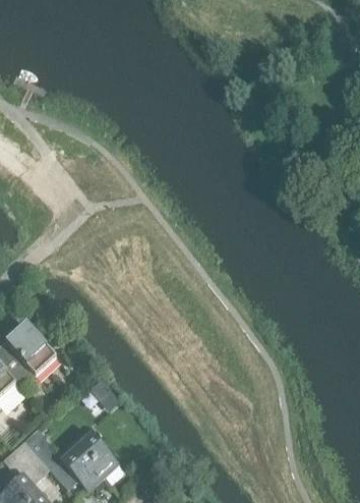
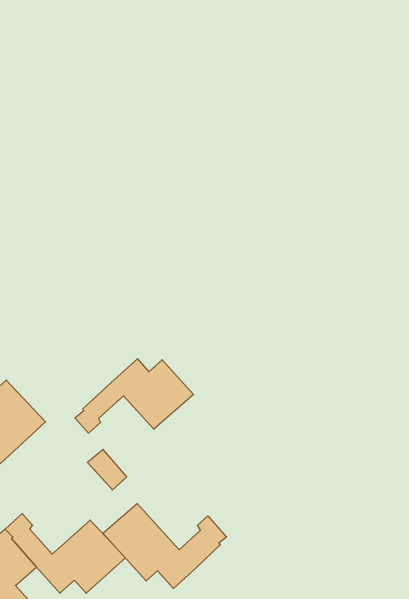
building: none -> [75,359,194,433]
building: none -> [103,504,226,588]

